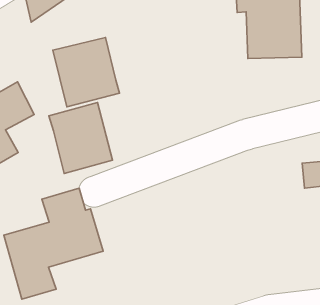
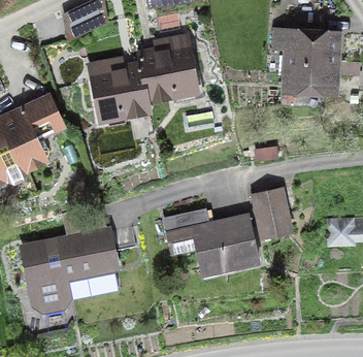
building: [49,102,113,174] -> [139,38,198,105]
building: none -> [252,185,293,234]
building: none -> [166,204,258,268]

